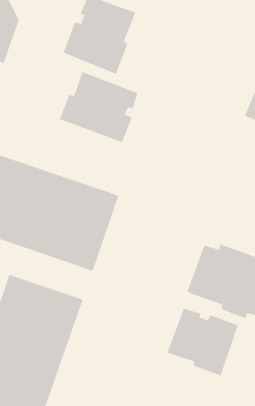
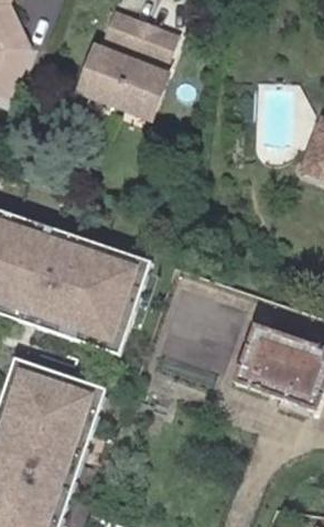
building: [59,71,138,143] -> none
building: [167,308,238,376] -> none

